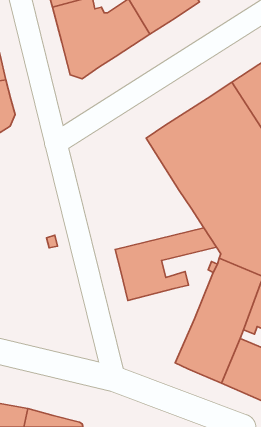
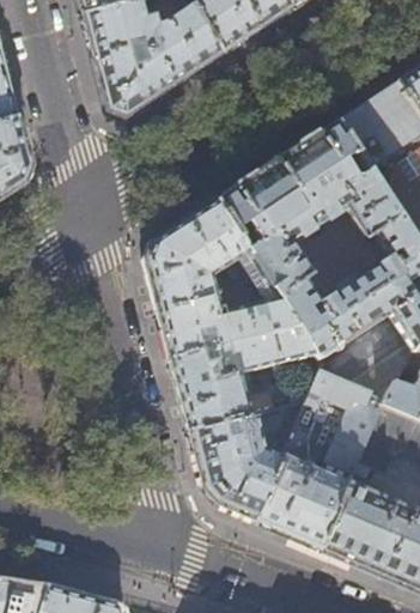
building: none -> [146,200,298,358]
building: none -> [190,413,285,518]

